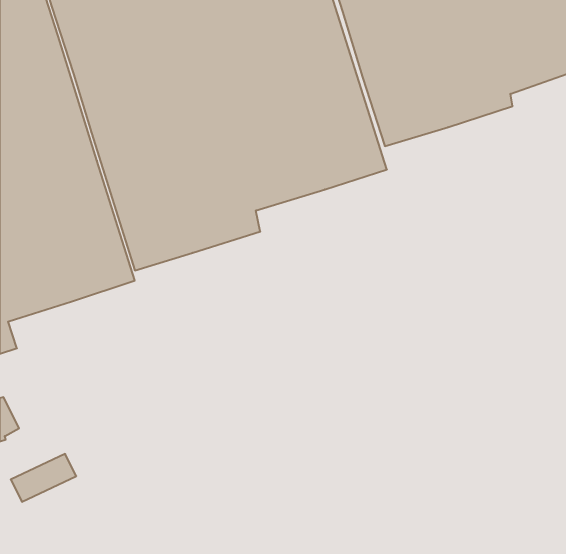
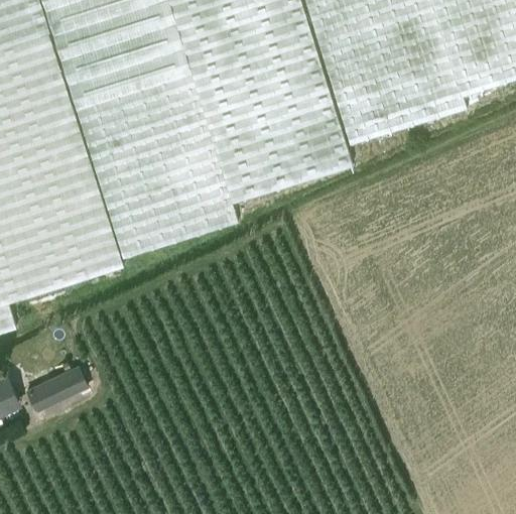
building: [11,454,76,502] -> [27,364,87,407]

